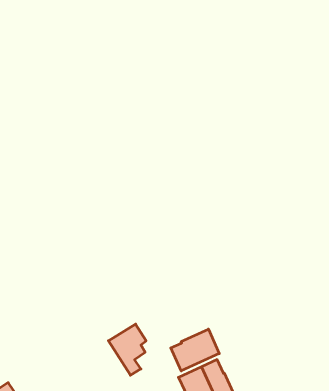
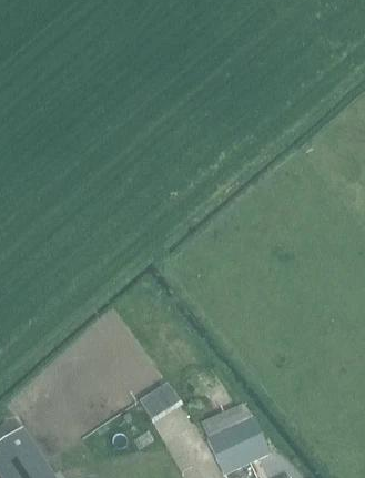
building: [171,329,219,371] -> none

